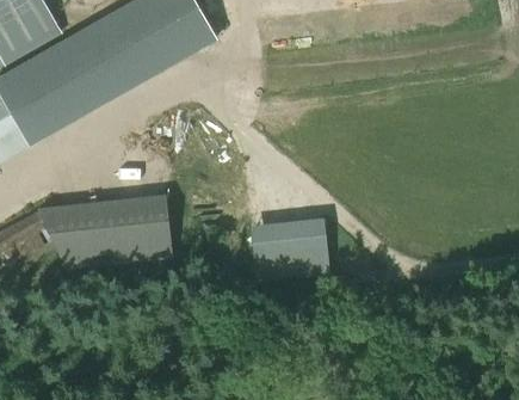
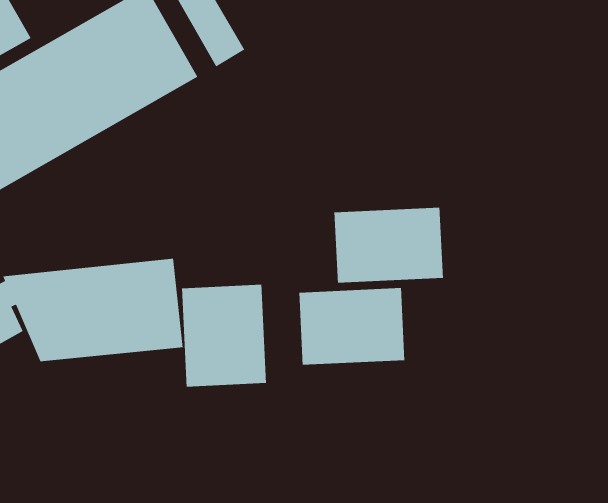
building: none -> [334,207,443,283]
building: none -> [182,284,266,387]

